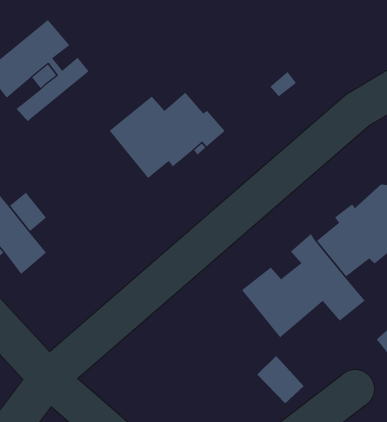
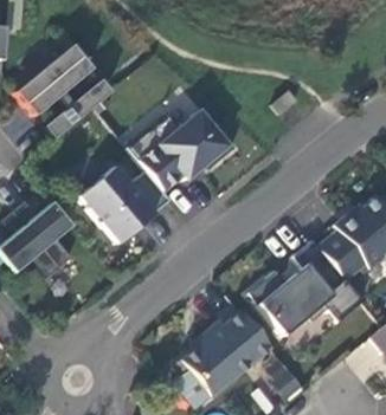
building: none -> [79,166,172,242]
building: none -> [180,310,271,395]

